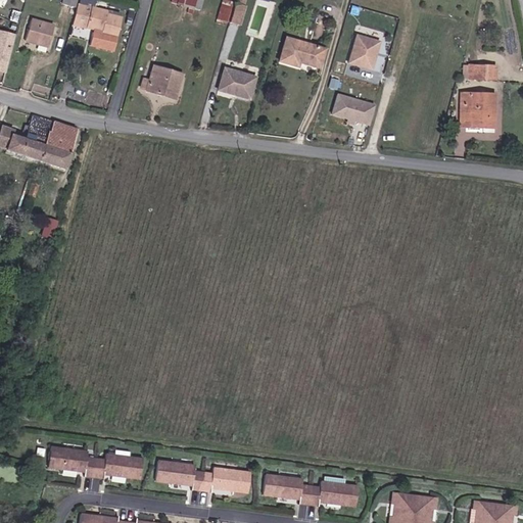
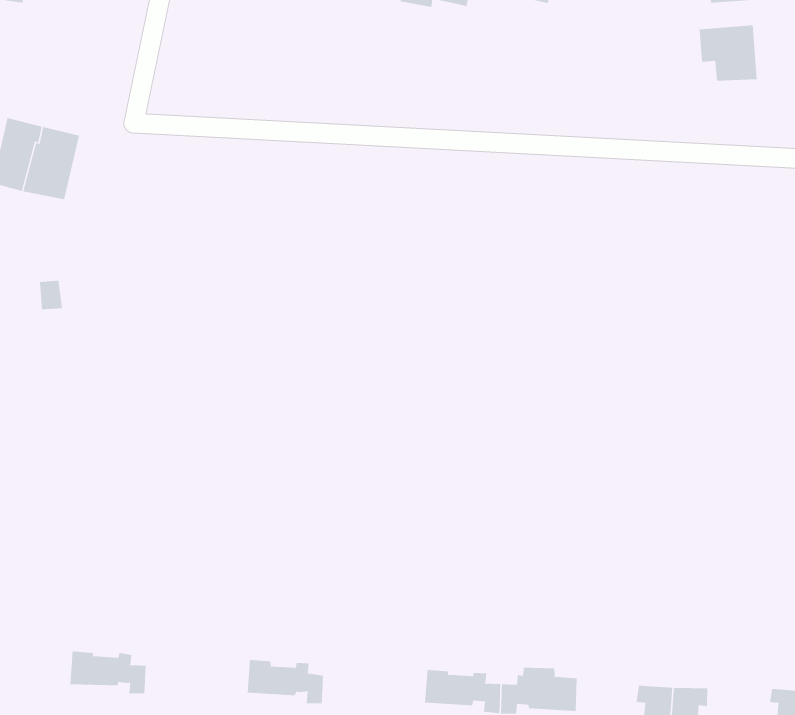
building: [219,62,257,99] -> none
building: [142,64,184,99] -> none
building: [331,97,375,128] -> none
building: [92,453,141,477] -> none
building: [200,467,249,491] -> none

